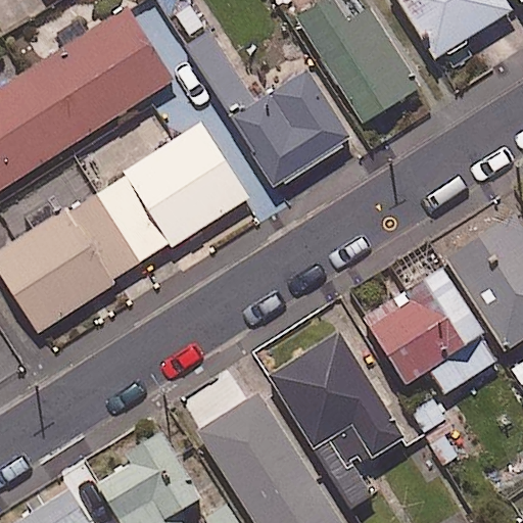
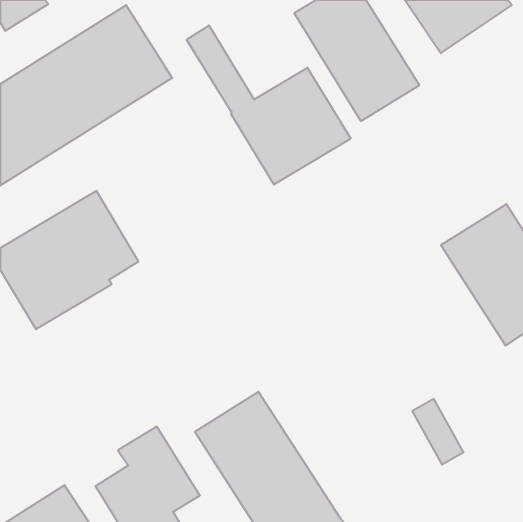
building: [97,127,246,263] -> none
building: [364,270,500,393] -> none
building: [264,332,406,511] -> none

